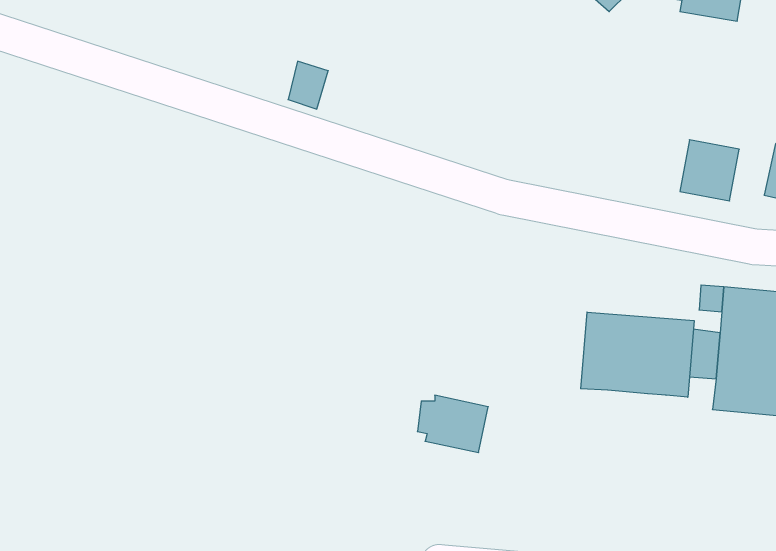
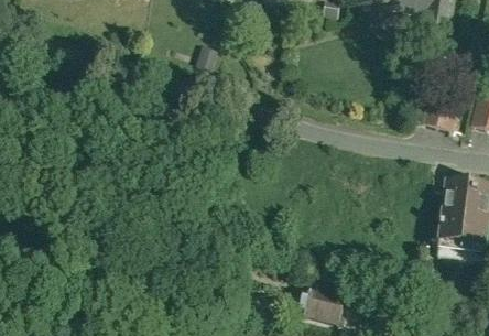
building: [581,312,694,397] -> none
building: [417,395,488,453] -> [300,292,340,325]

